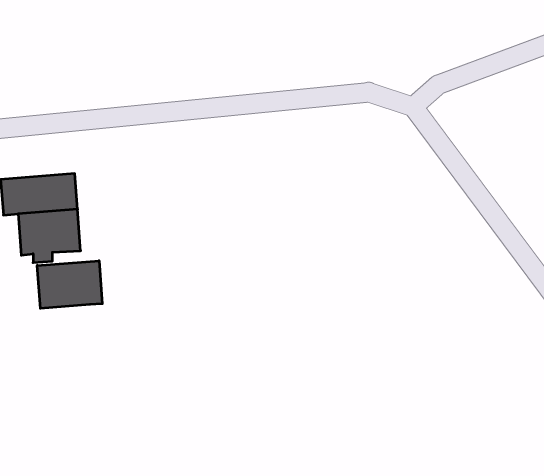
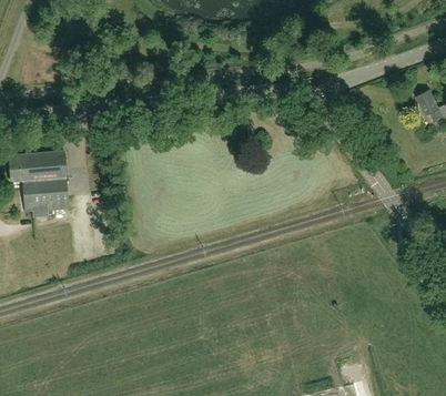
building: [37,261,102,308] -> none

